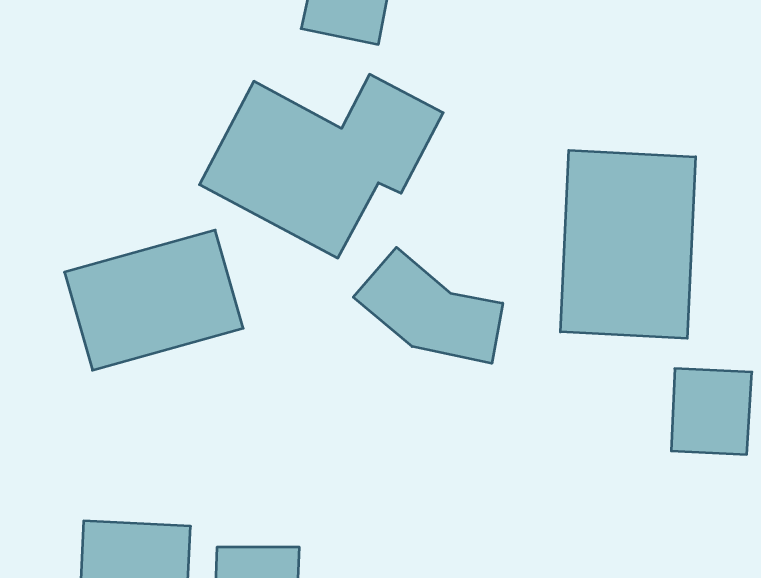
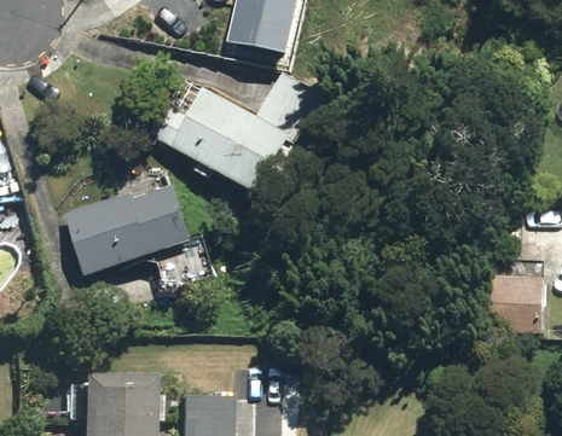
building: [560,150,696,338] -> none
building: [353,247,503,363] -> none

